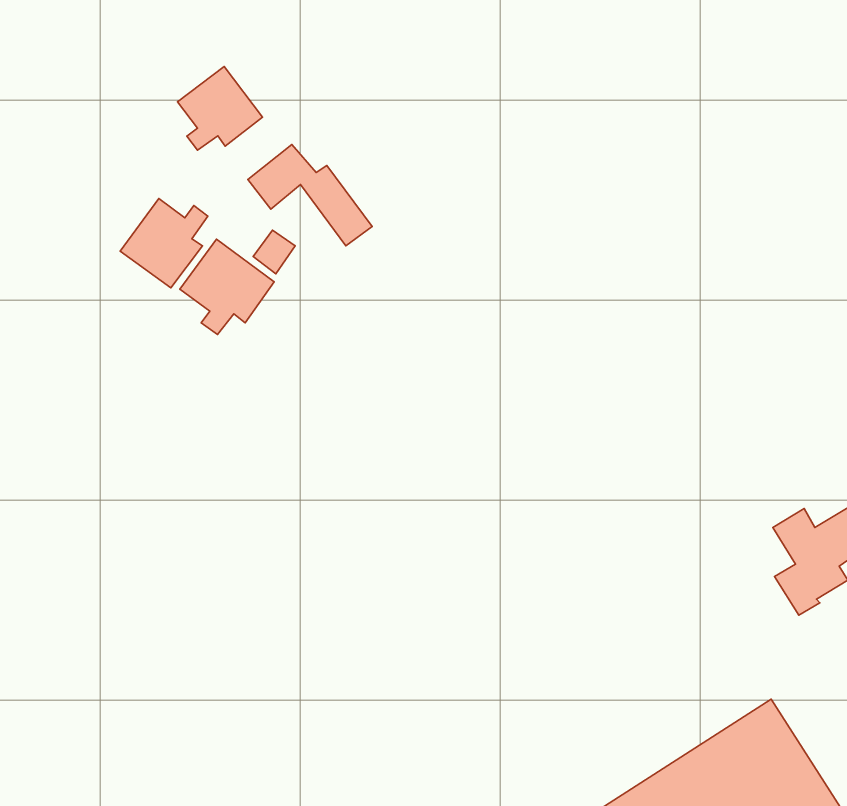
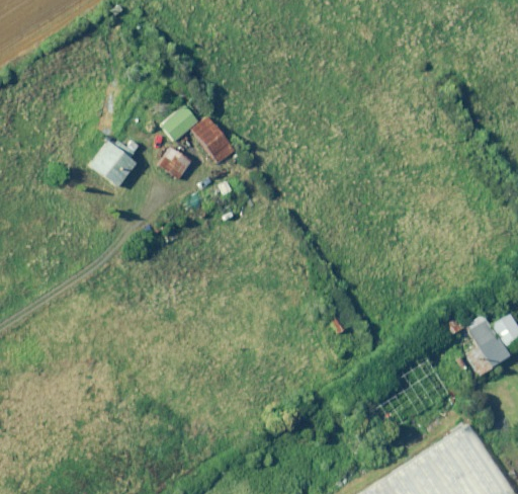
building: [178,66,262,150] -> none
building: [180,239,274,334] -> none

